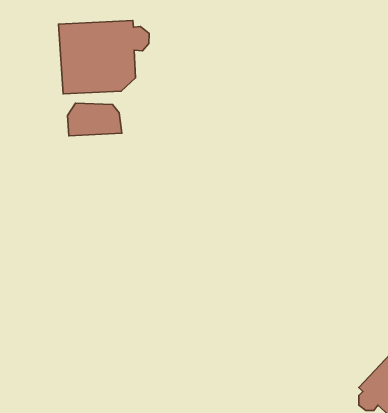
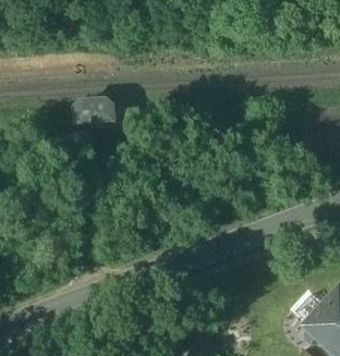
building: [58,21,149,94] -> none

